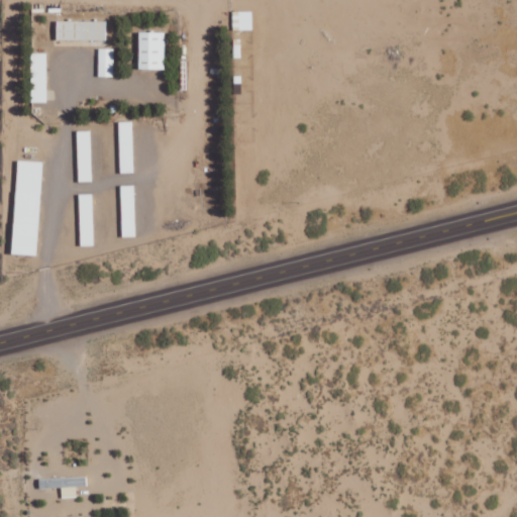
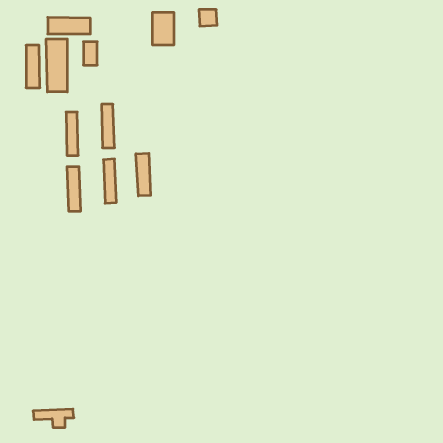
building: [138,32,164,70] -> [152,13,174,45]
building: none -> [46,39,67,92]
building: [12,161,41,256] -> none
building: none -> [136,153,151,196]

